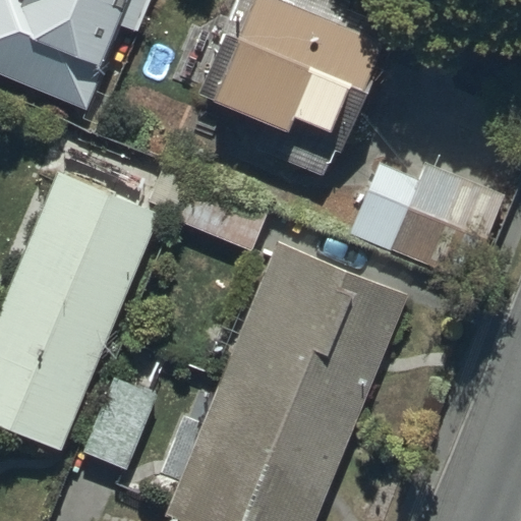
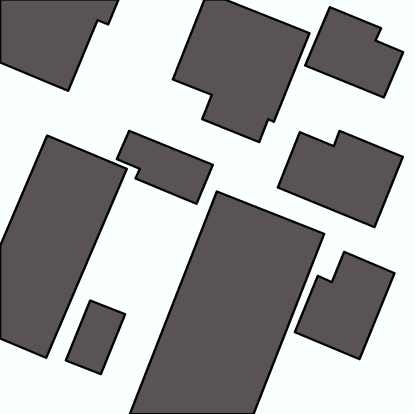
building: none -> [305,7,403,98]
building: none -> [295,252,395,359]

